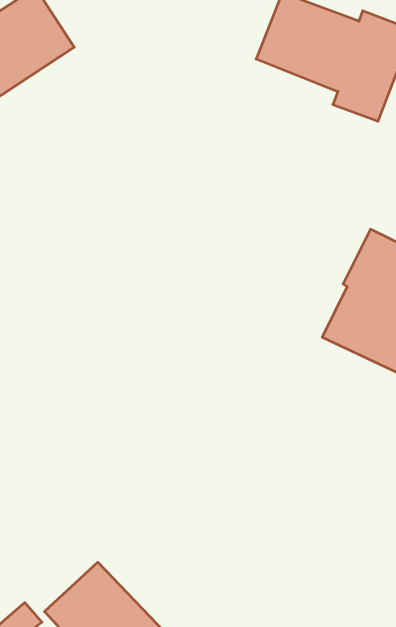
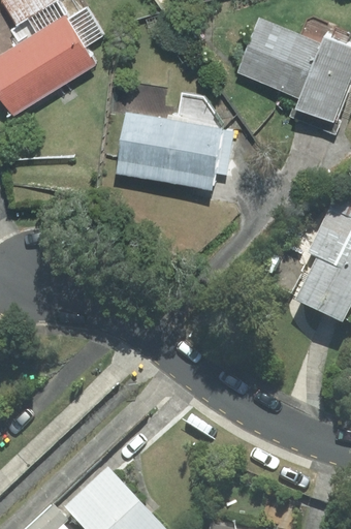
building: none -> [116,96,232,189]

